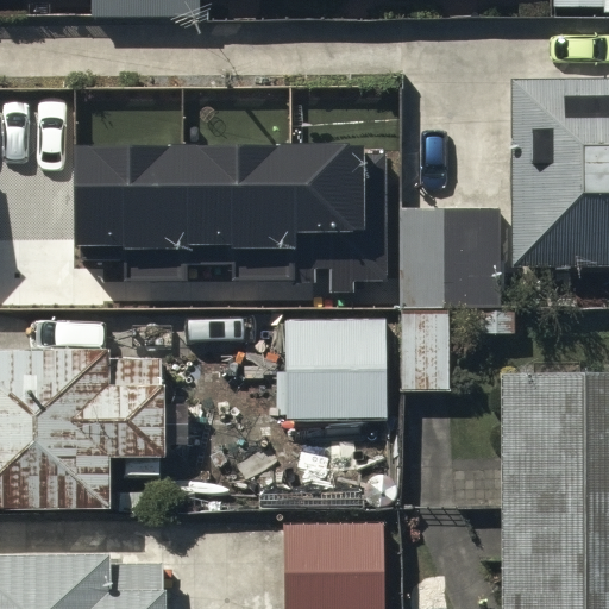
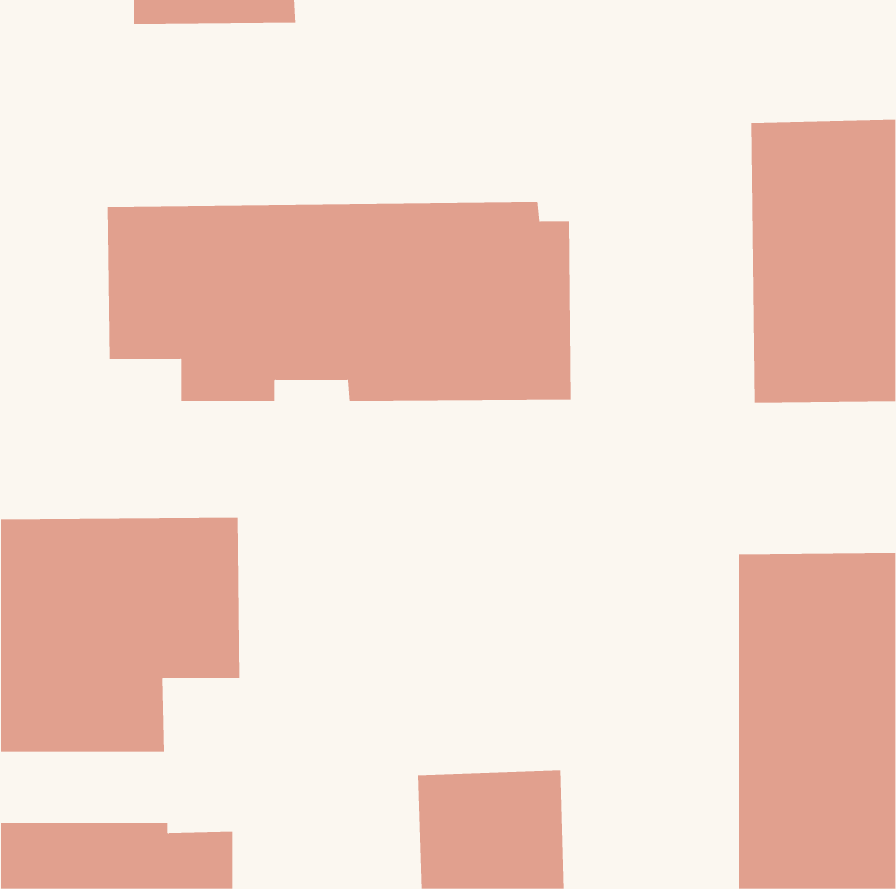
building: [401,207,500,306] -> none
building: [284,319,388,422] -> none

